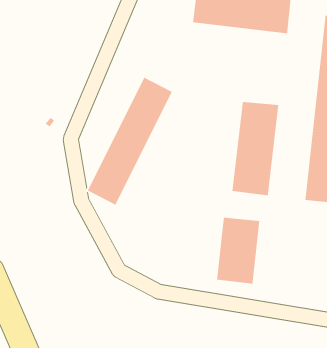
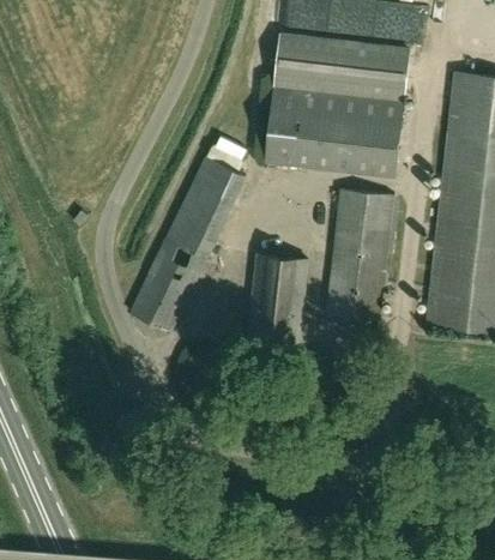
building: none -> [265,84,403,176]
building: [216,217,260,285] -> [247,253,307,345]

